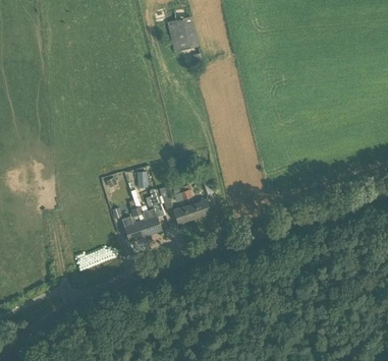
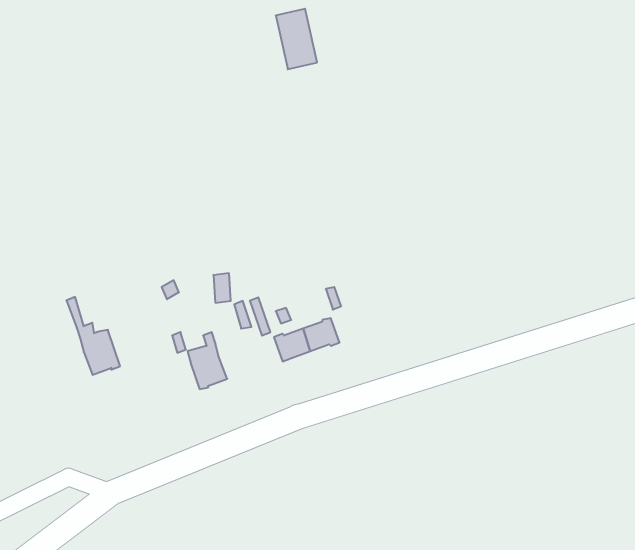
building: [127,189,159,235] -> [66,297,120,375]

